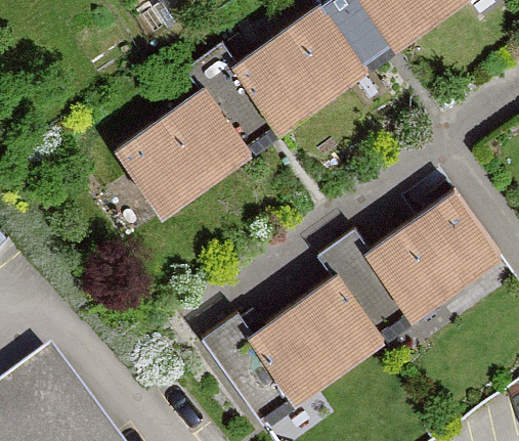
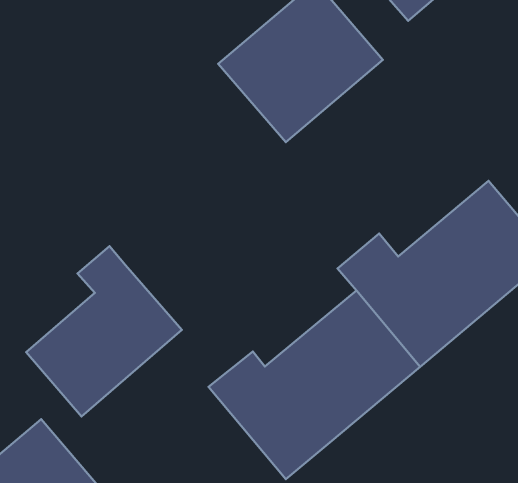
building: [113,92,250,225] -> none
building: none -> [26,246,182,416]

